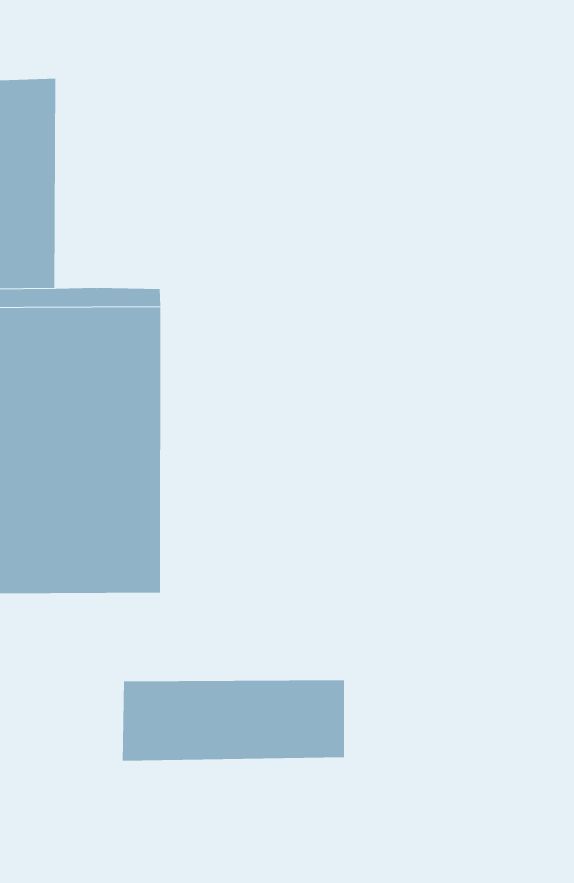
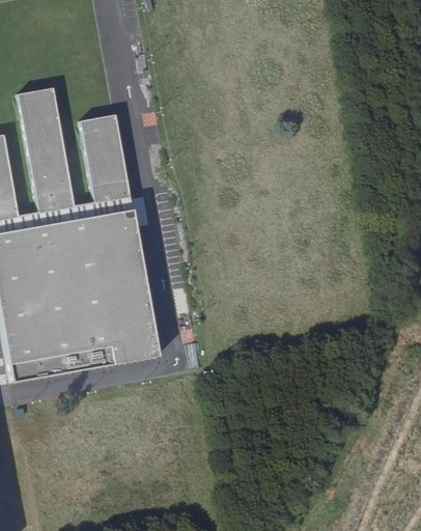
building: none -> [81,111,129,198]
building: [122,680,345,762] -> none

